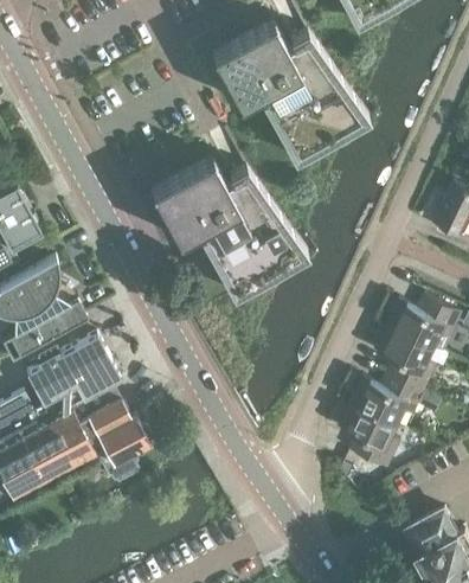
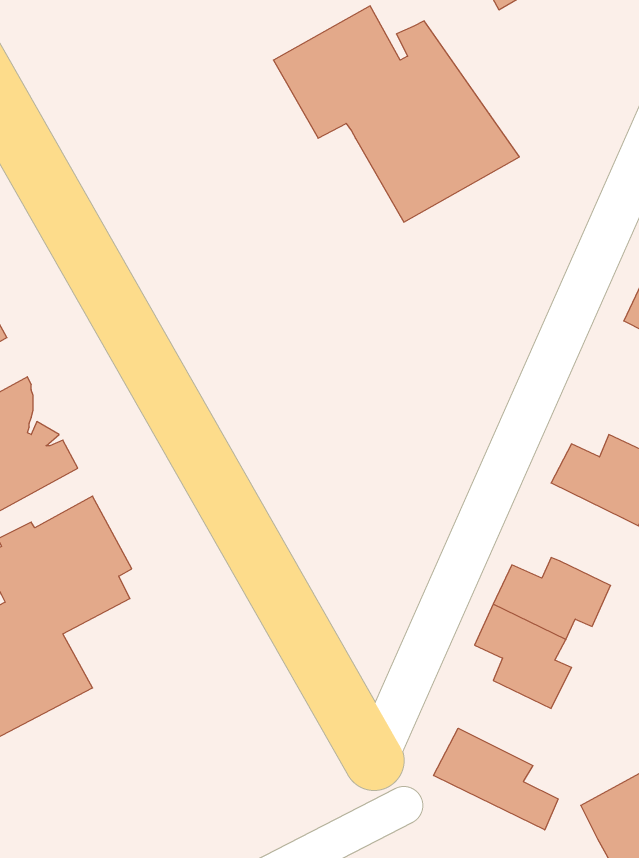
building: [147,158,304,295] -> none
building: [373,325,435,390] -> none
building: [75,398,148,482] -> none
building: none -> [434,728,558,830]

